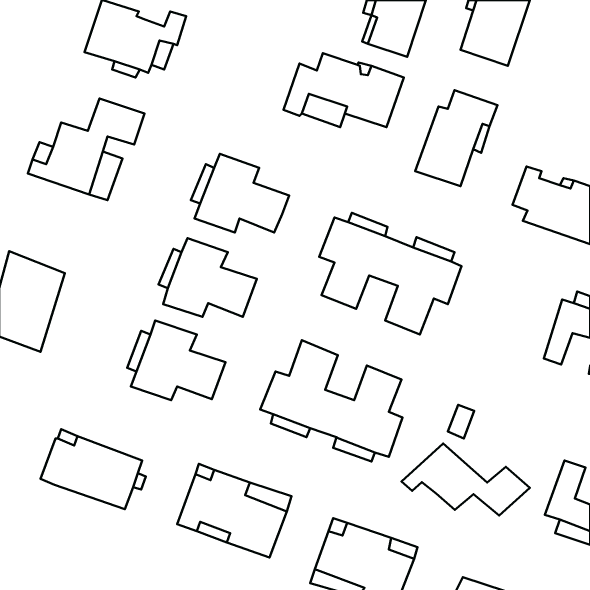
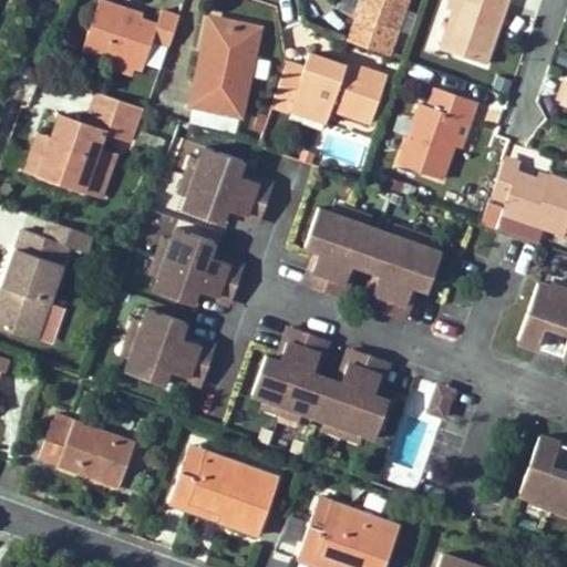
building: none -> [194,25,260,118]
building: none -> [9,220,87,262]
building: [402,443,530,516] -> none

